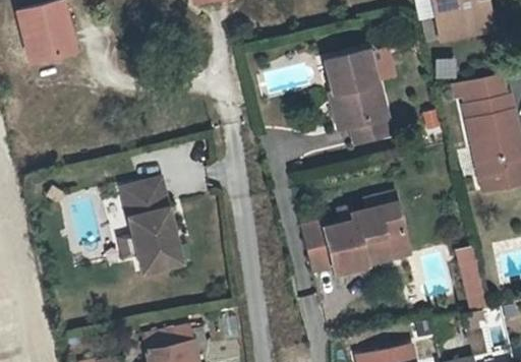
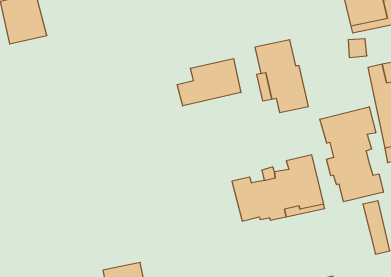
building: none -> [177,59,241,106]
building: none -> [320,107,383,202]
building: [121,181,181,274] -> none

